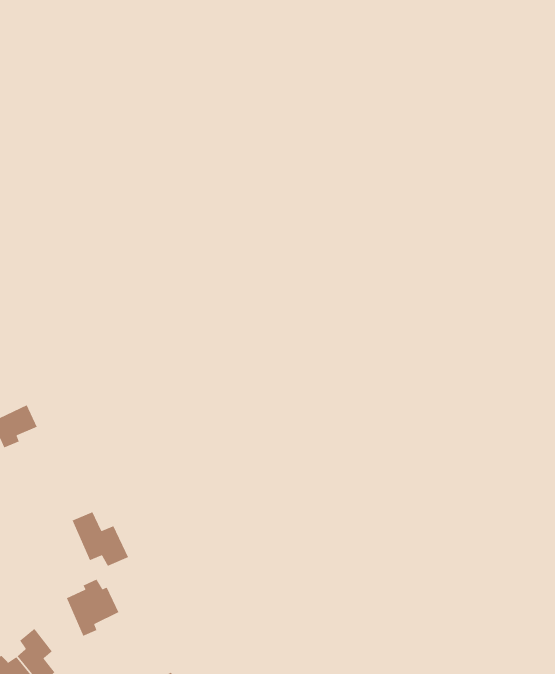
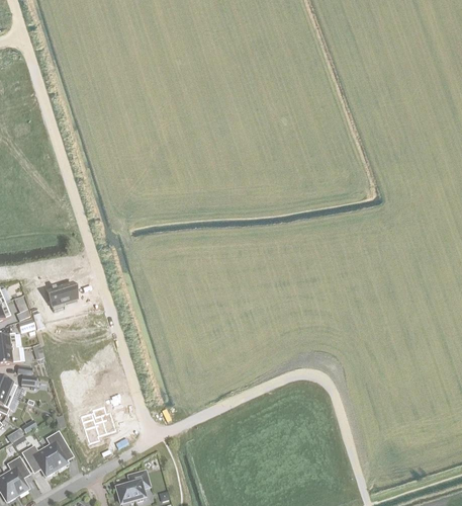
building: [71,511,129,567] -> none

